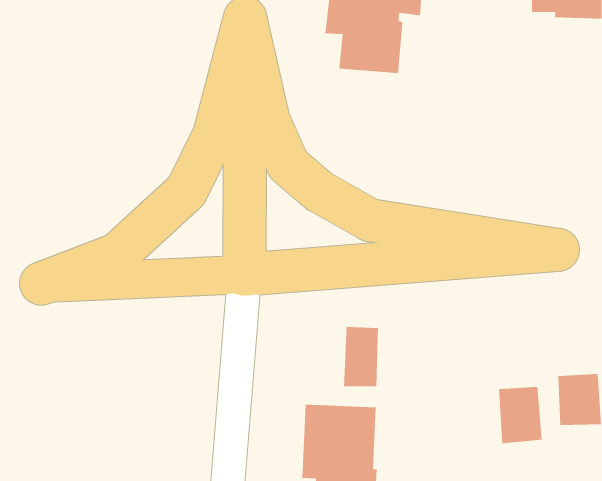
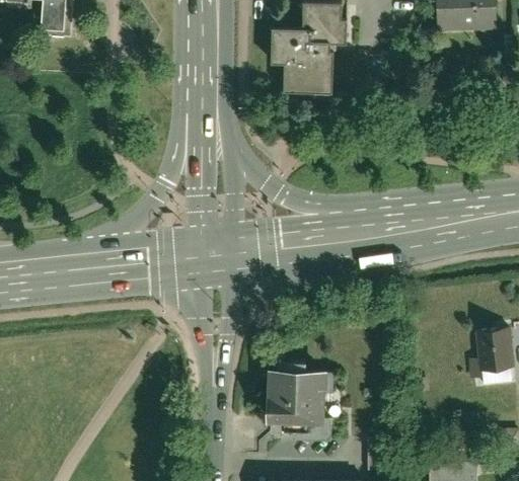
building: [344,326,379,387] -> none
building: [499,386,542,444] -> none

